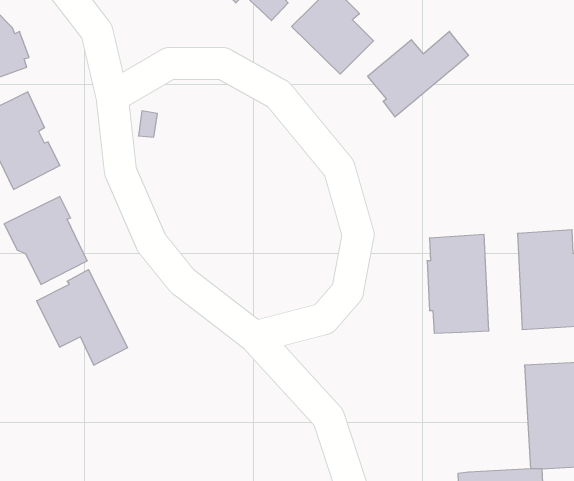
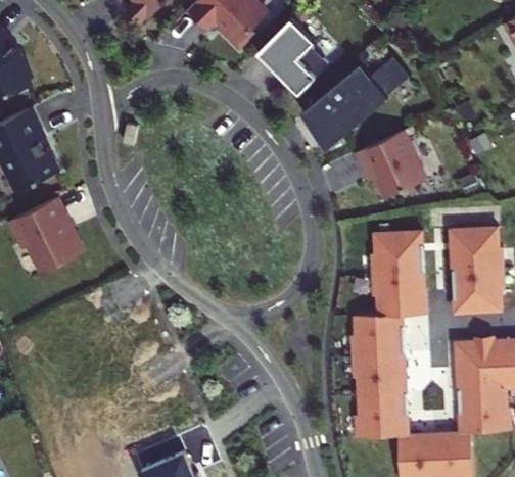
building: none -> [299,95,344,148]
building: none -> [356,130,424,198]
building: [37,270,128,365] -> none
building: none -> [353,315,408,438]

